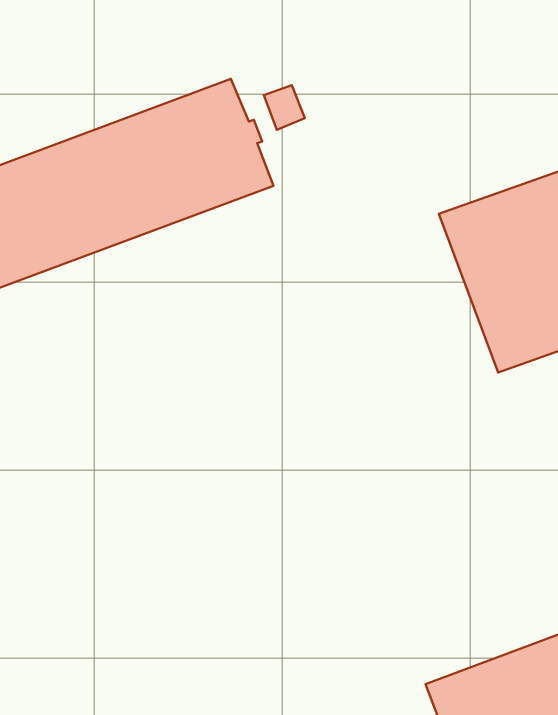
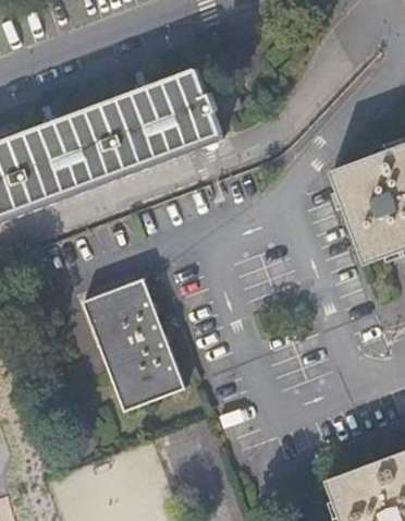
building: none -> [85,289,188,422]

